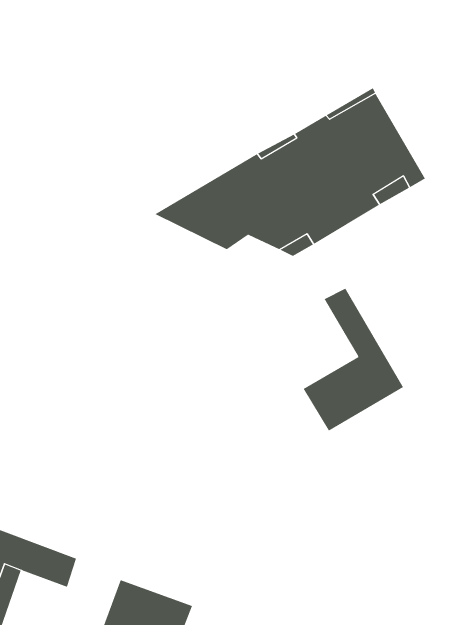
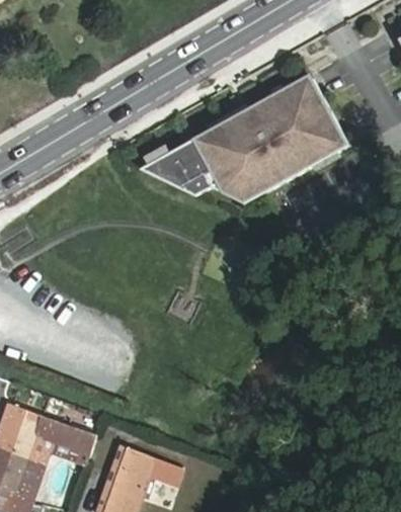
building: [303,288,404,432] -> none

